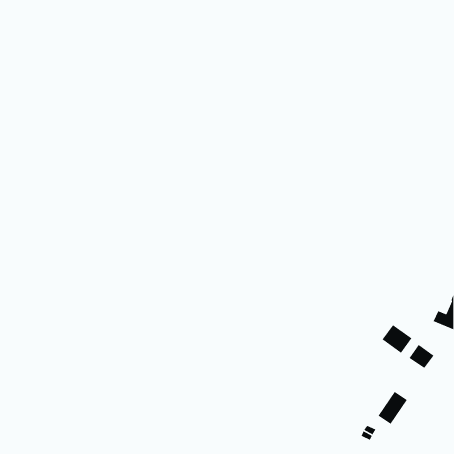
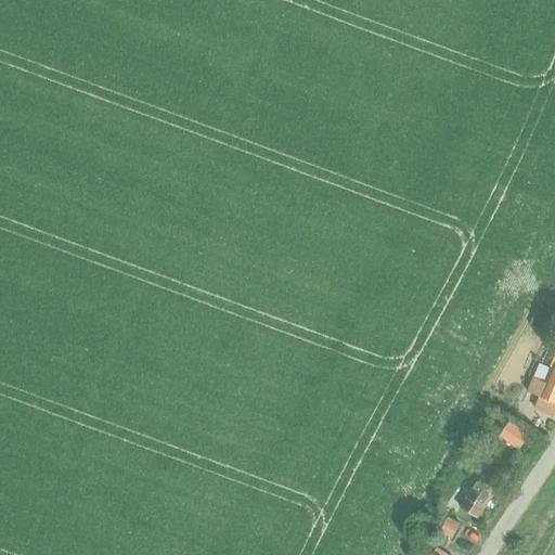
building: [381,324,413,354] -> none

